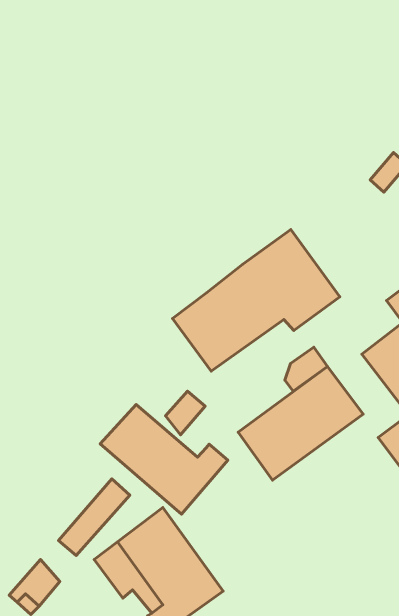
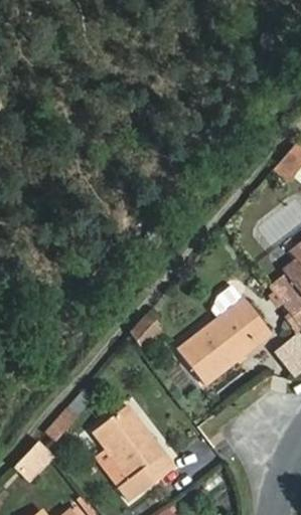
building: [172,230,340,371] -> none
building: [100,404,228,514] -> none

